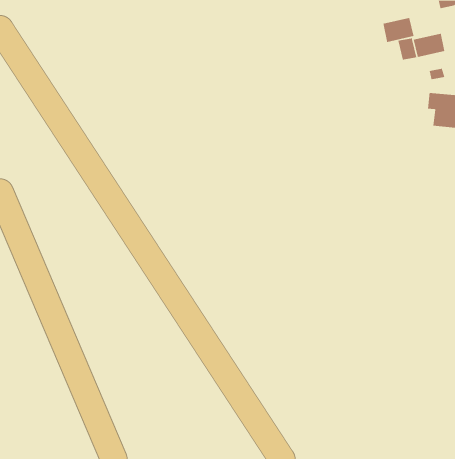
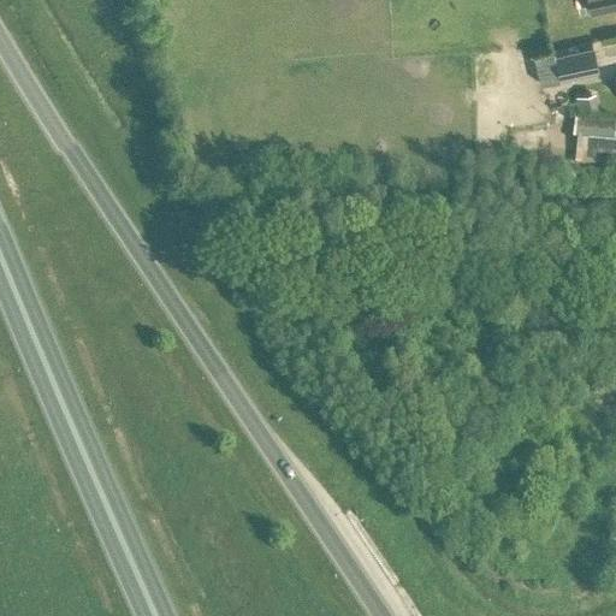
building: [383,17,414,43] -> none

